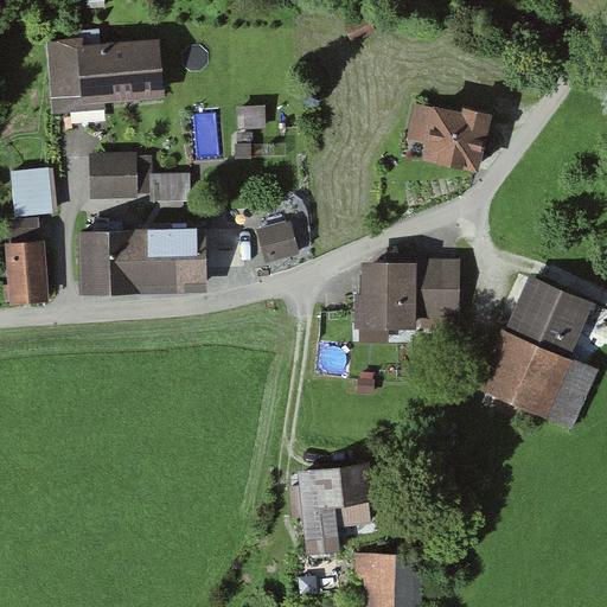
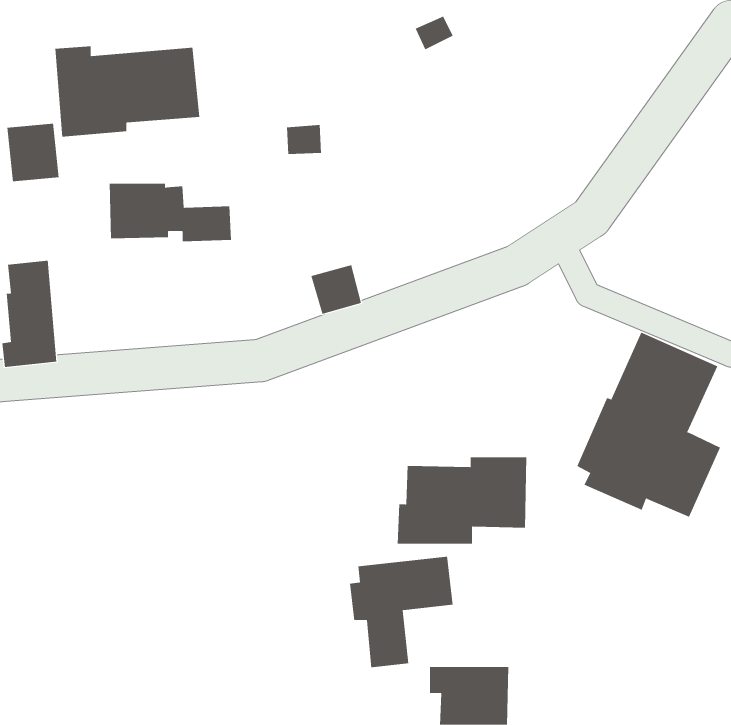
building: [408,102,493,175] -> none
building: [11,166,55,215] -> [7,123,59,182]
building: [78,226,207,295] -> none
building: [354,256,462,328] -> [397,457,527,544]

